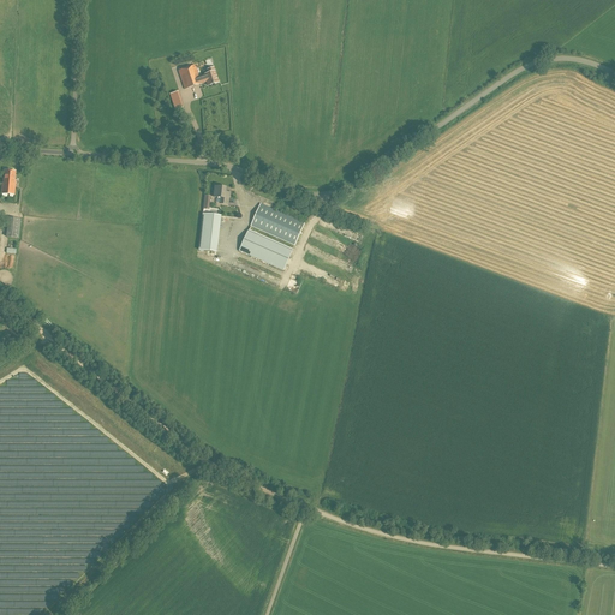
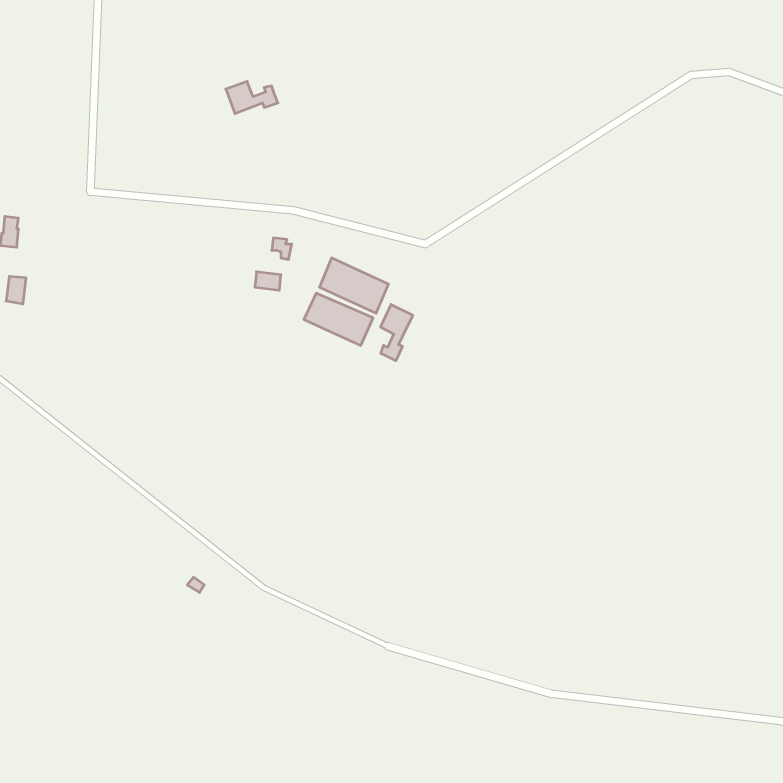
building: none -> [381,304,413,361]

